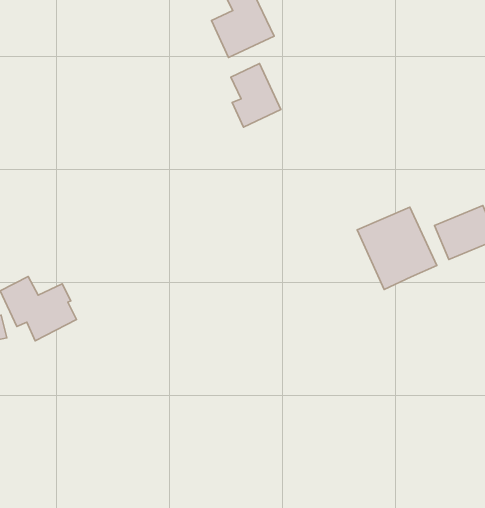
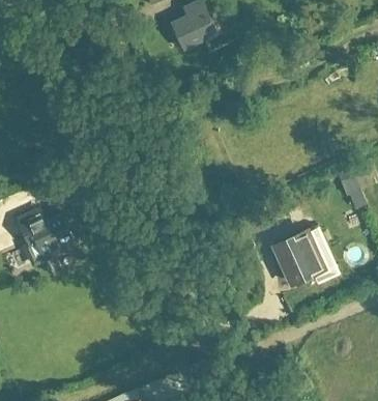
building: [231,63,281,127] -> none
building: [357,207,437,290] -> [270,227,328,287]

